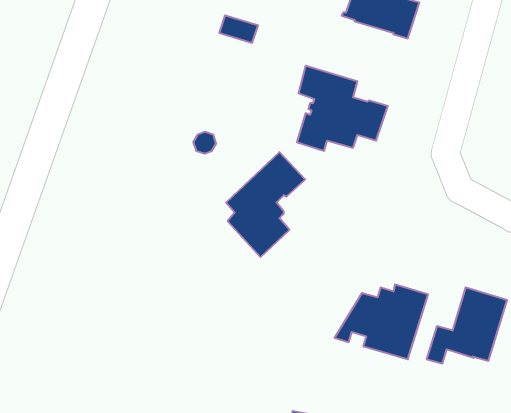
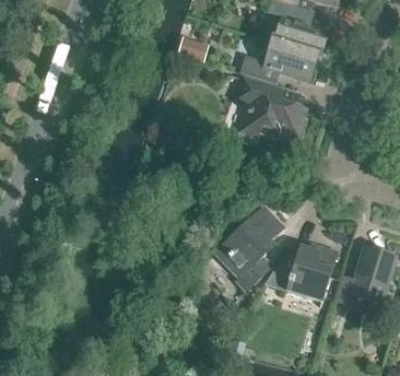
building: none -> [238,40,319,83]
building: [226,152,305,257] -> [222,209,282,289]

